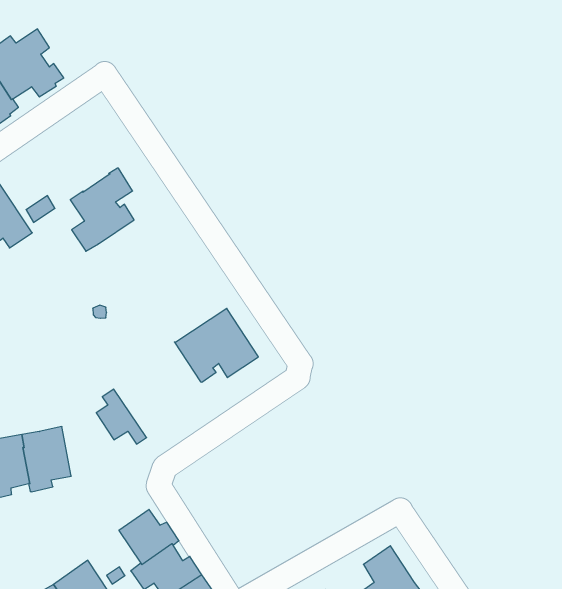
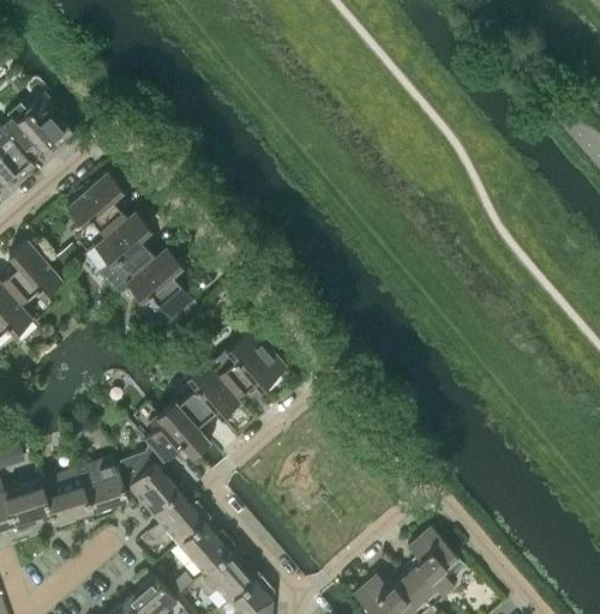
building: none -> [65,171,127,237]
building: none -> [125,247,197,324]
building: none -> [173,361,239,441]
building: none -> [122,463,179,516]
building: none -> [146,500,210,544]

